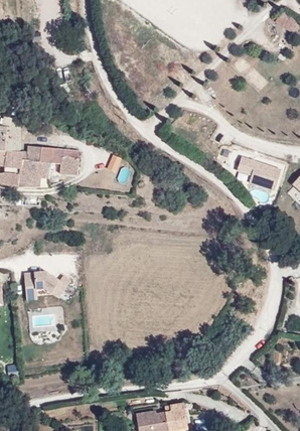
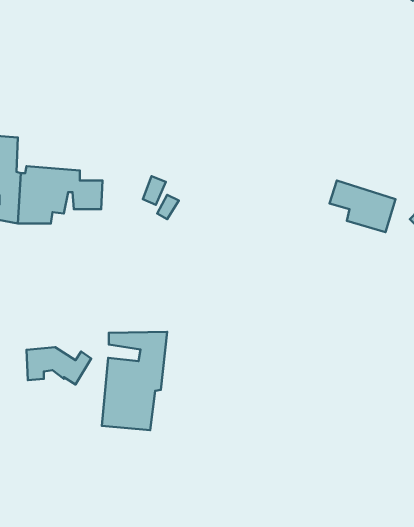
building: none -> [102,332,167,430]

